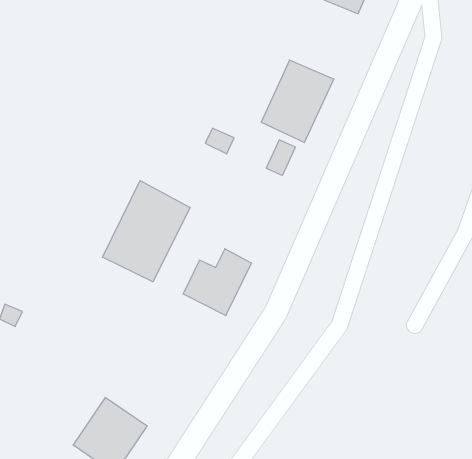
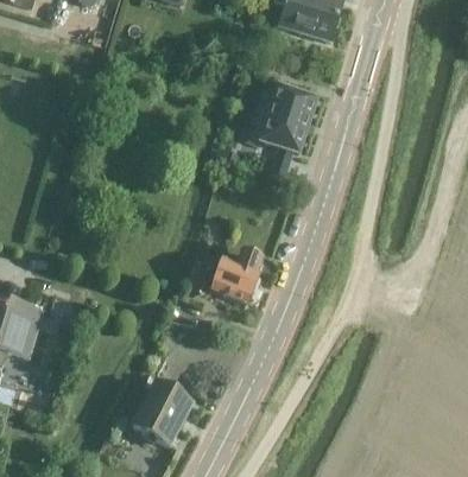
building: [103,181,190,282] -> none

